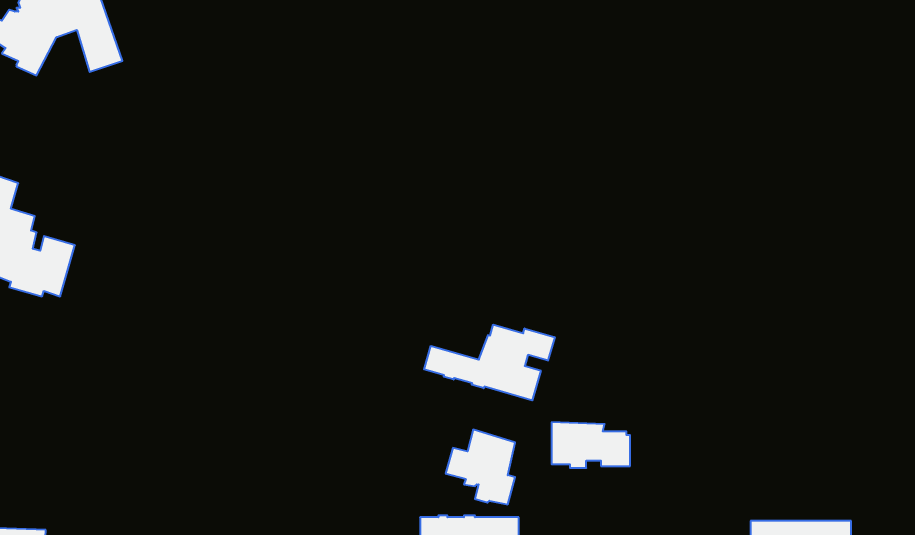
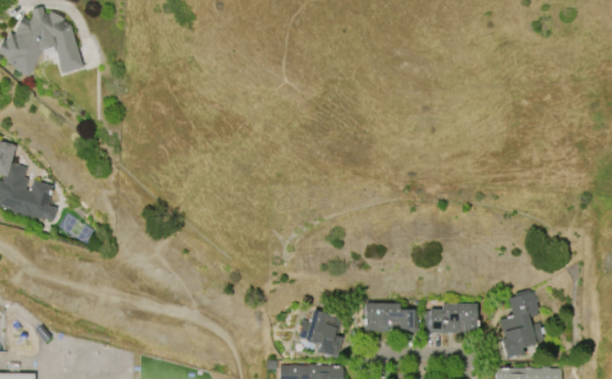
building: [424,325,555,400] -> none
building: none -> [502,291,545,357]
building: none -> [424,304,477,332]

